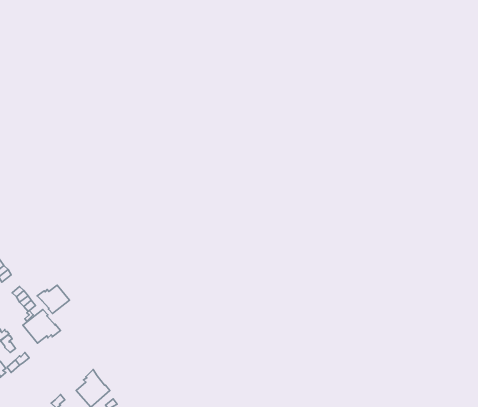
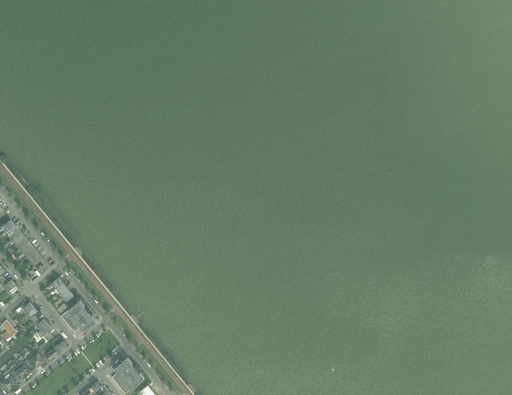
building: [37,285,69,314] -> none

